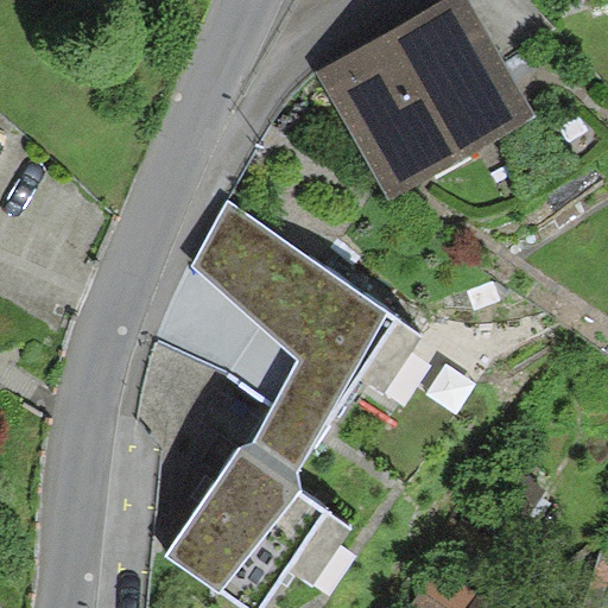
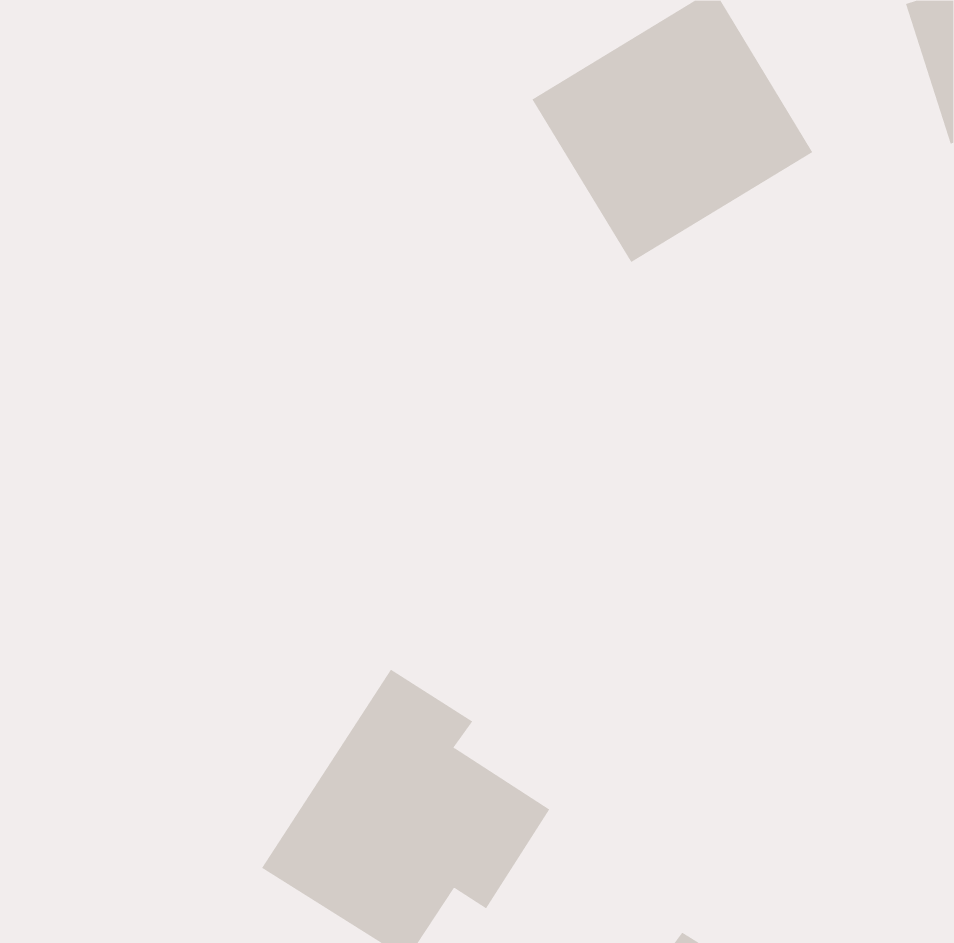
building: [194,217,419,467] -> none

